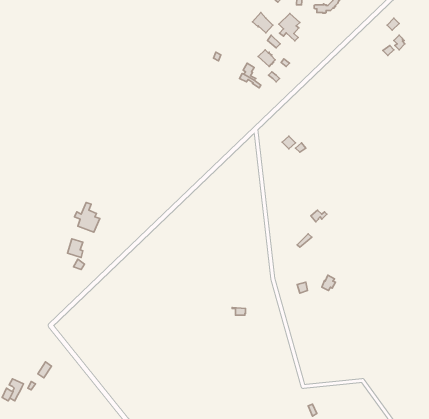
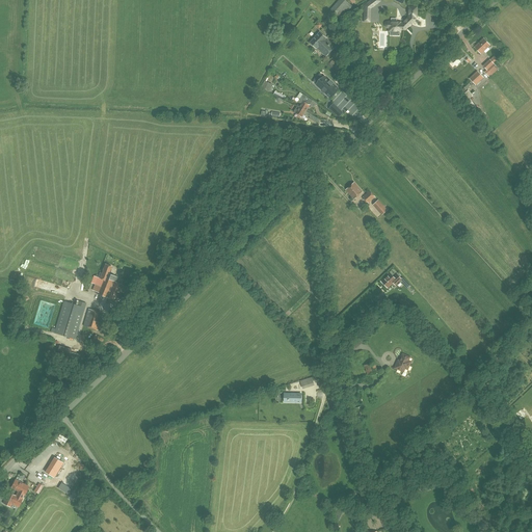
building: [279,13,300,41] -> none
building: none -> [55,300,85,338]

